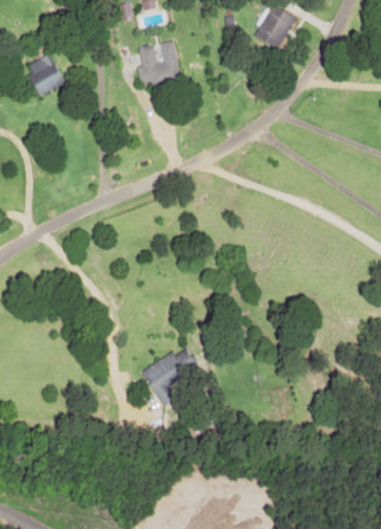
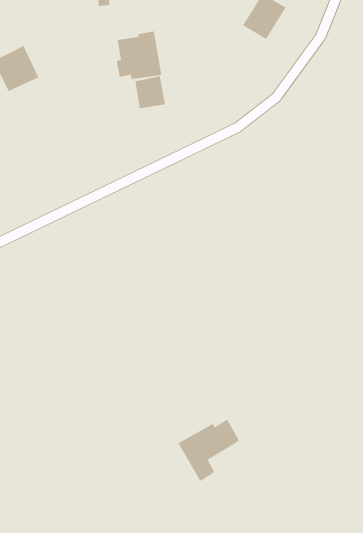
building: none -> [135,76,166,109]
building: [140,348,198,407] -> [178,419,240,482]

